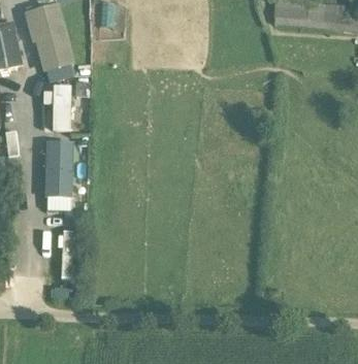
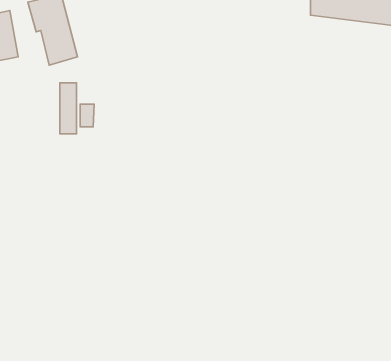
building: [46,140,70,195] -> none

